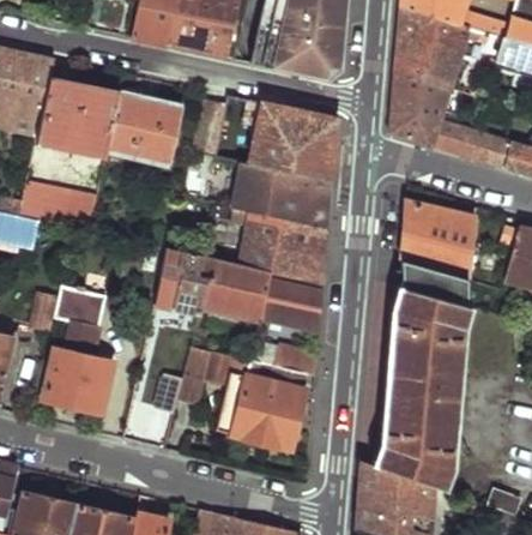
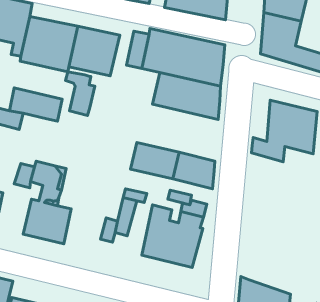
building: [230,206,330,285] -> none
building: [164,250,207,314] -> [65,72,95,116]
building: [375,288,467,488] -> none

